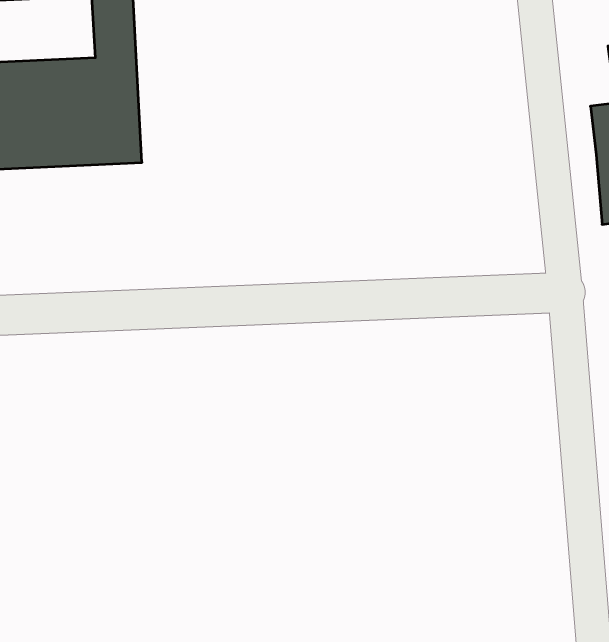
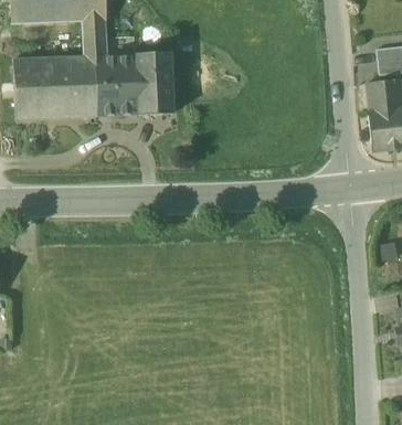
building: none -> [107,52,173,115]

